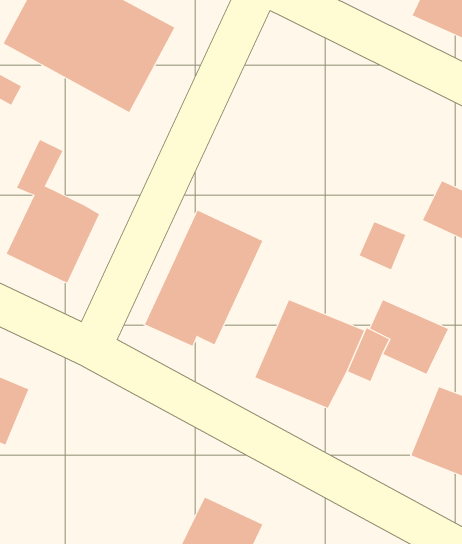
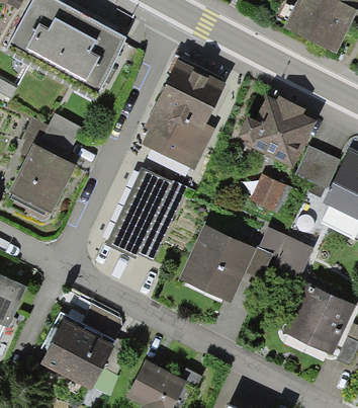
building: none -> [147,60,227,165]
building: none -> [245,95,317,166]
building: none -> [36,111,81,160]
building: none -> [42,316,116,388]

